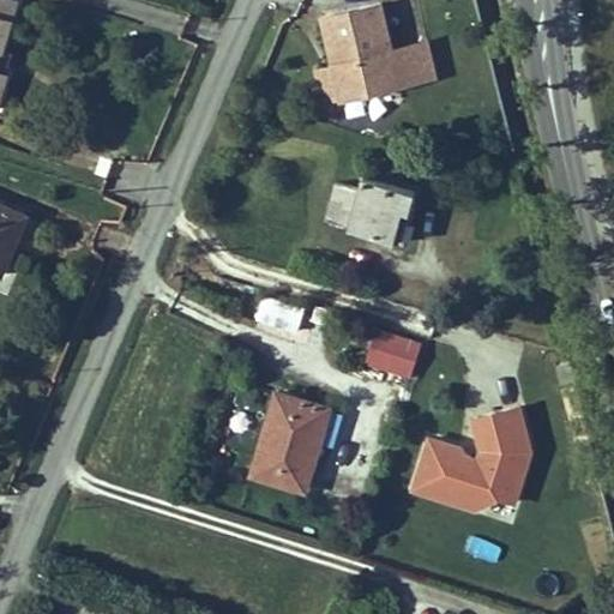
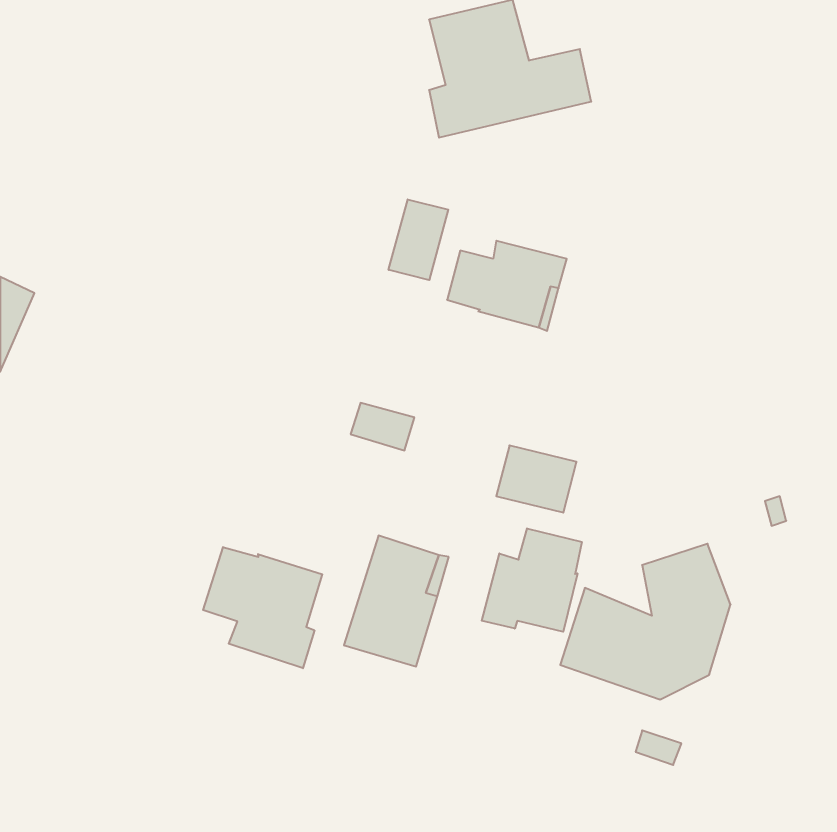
building: none -> [389,199,448,280]
building: none -> [482,528,582,632]
building: none -> [203,547,322,668]

